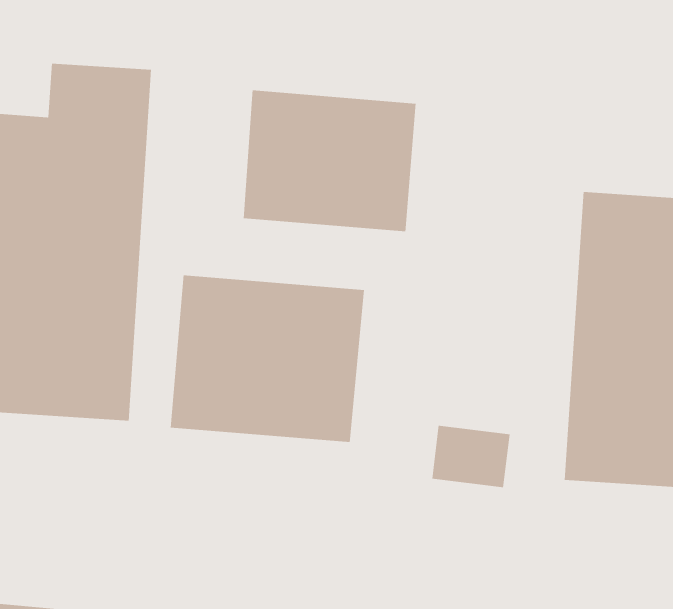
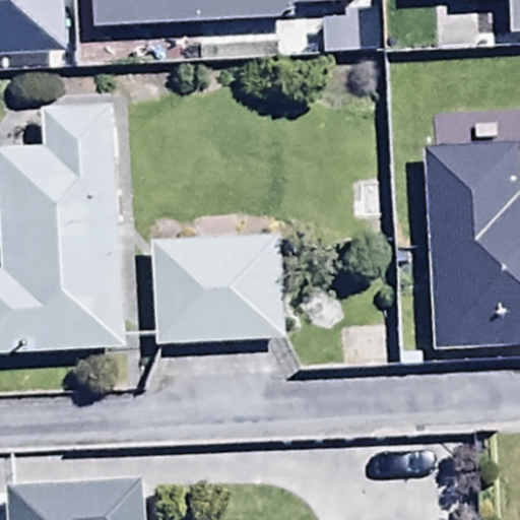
building: [243,90,416,232] -> none

